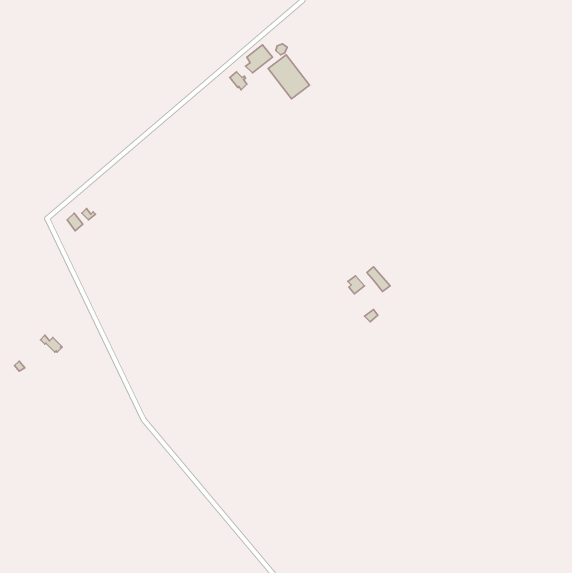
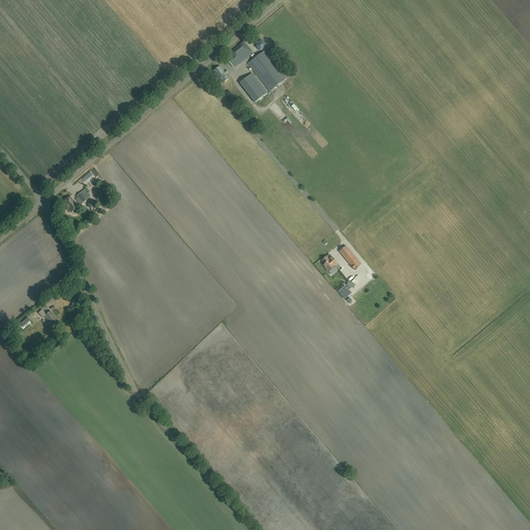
building: none -> [239,73,266,102]

